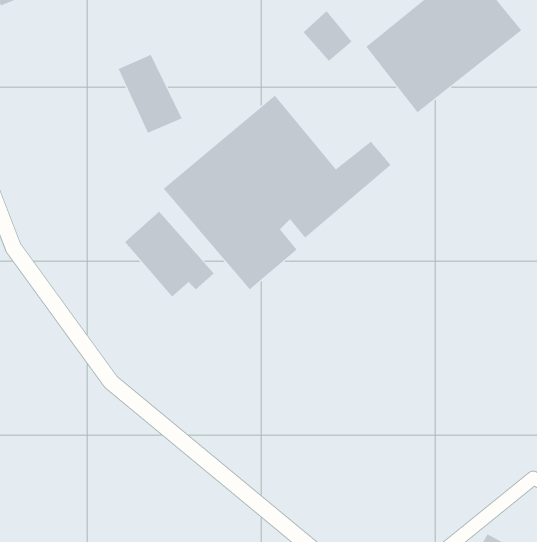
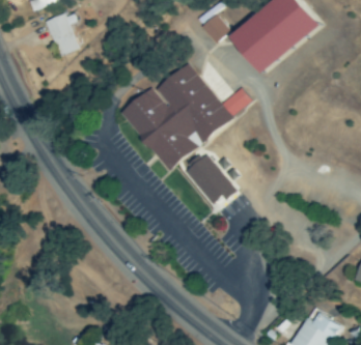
building: [118,54,182,133] -> [47,12,83,57]
building: [124,211,214,298] -> [183,153,233,202]

